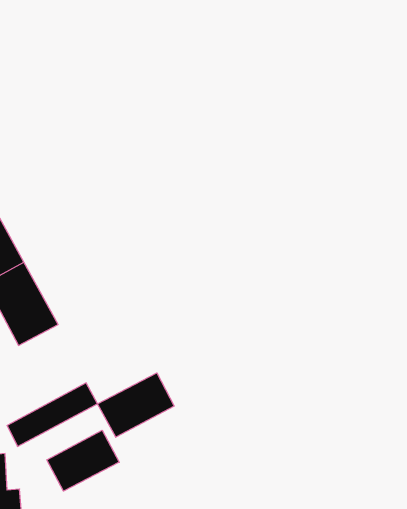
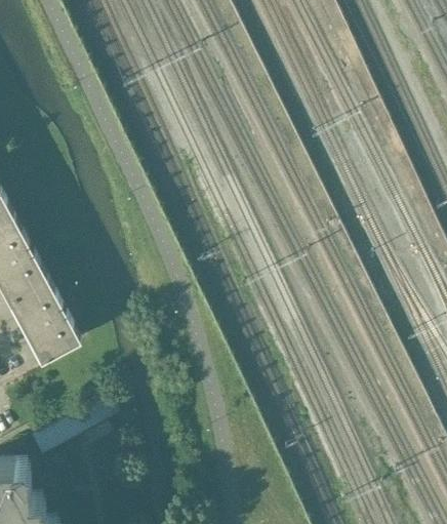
building: [98,373,174,437] -> none
building: [47,430,119,491] -> none

